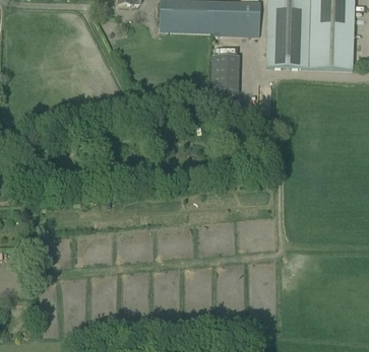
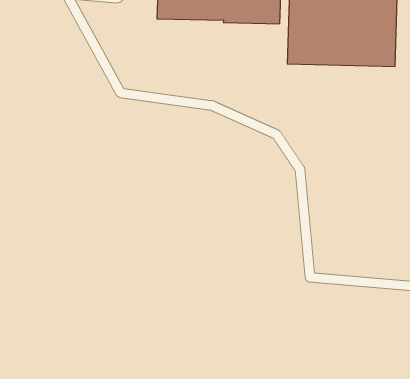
building: [212,54,240,94] -> none

